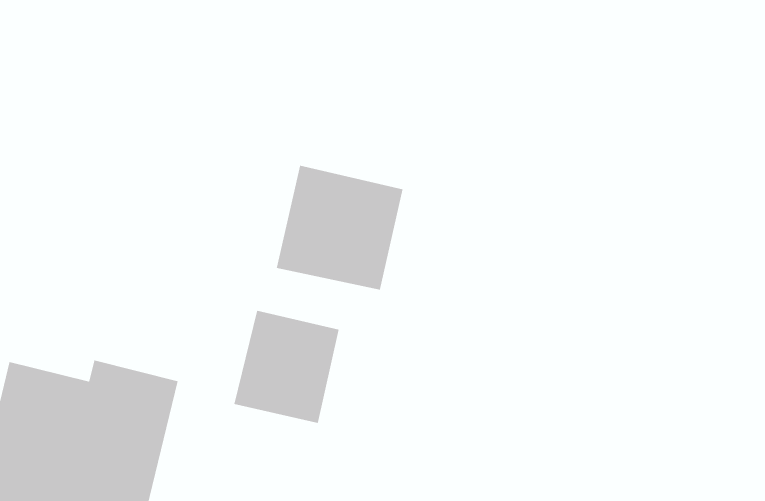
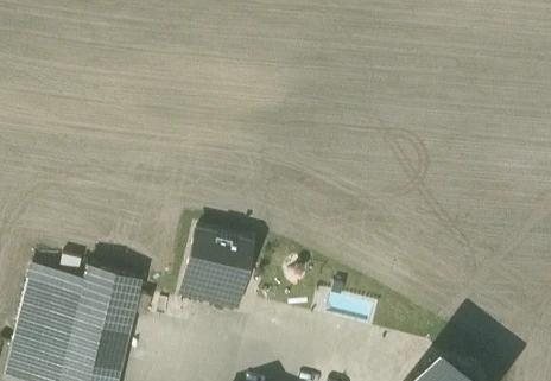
building: [276,165,403,290] -> none

